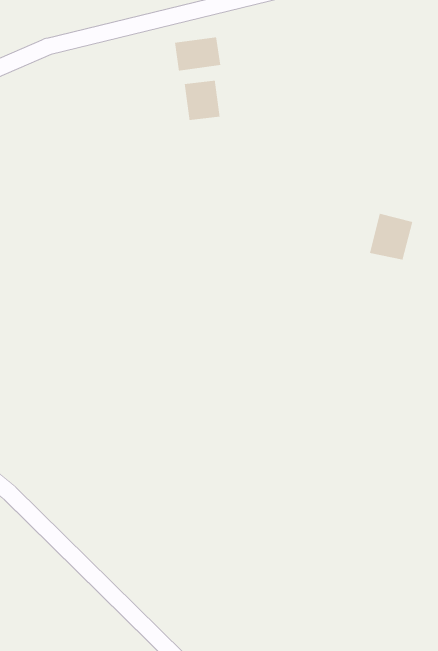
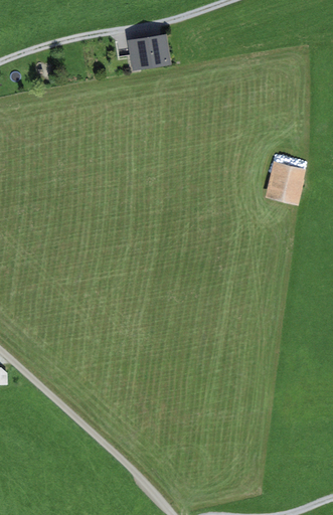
building: [184,80,220,121] -> none

